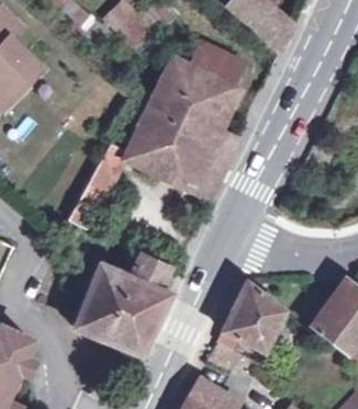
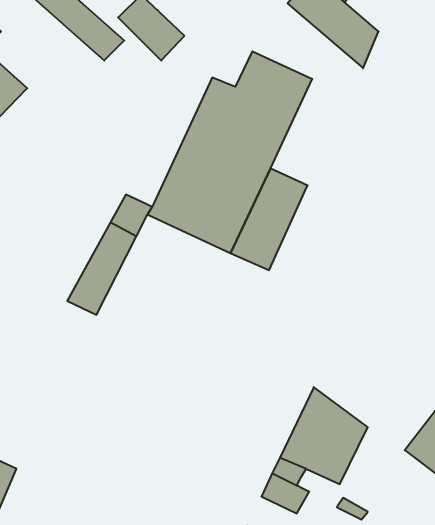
building: [74,253,169,353] -> none

